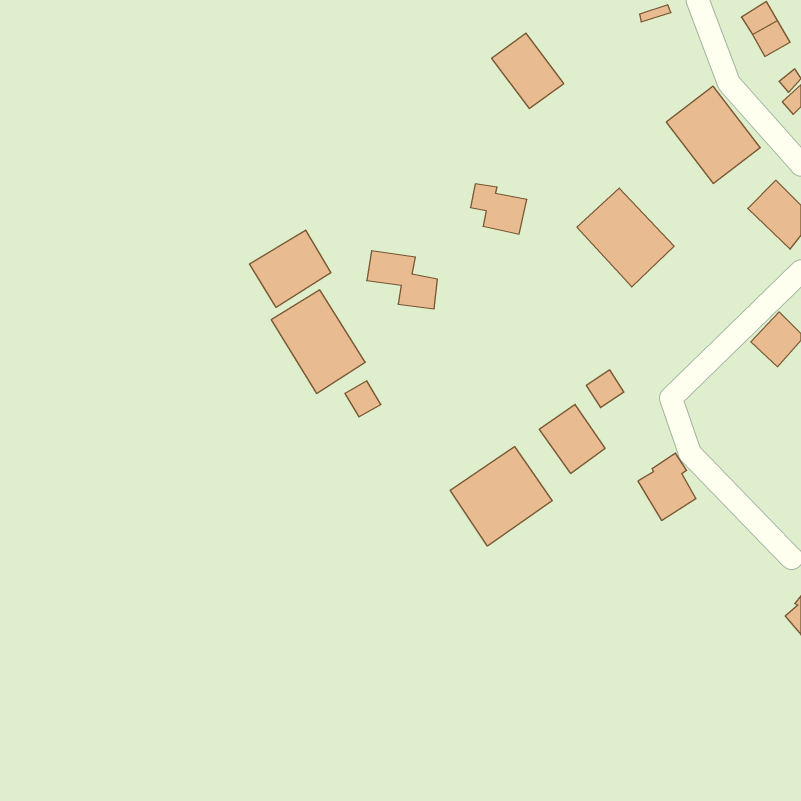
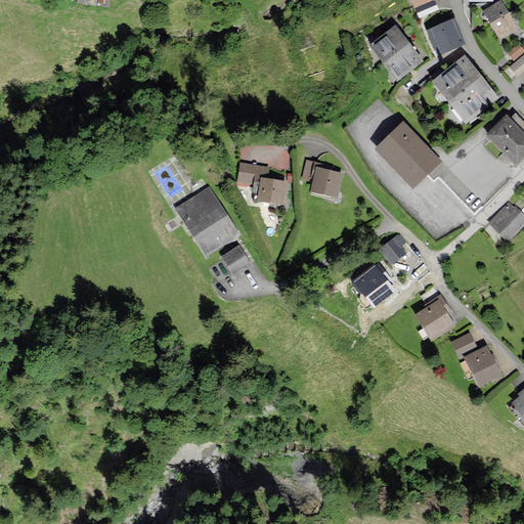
building: none -> [429,21,462,53]
building: [492,33,564,109] -> [374,28,421,77]
building: [470,184,527,234] -> [305,163,342,195]
building: [249,230,331,307] -> none
building: [450,447,552,546] -> none
building: none -> [453,334,500,385]

